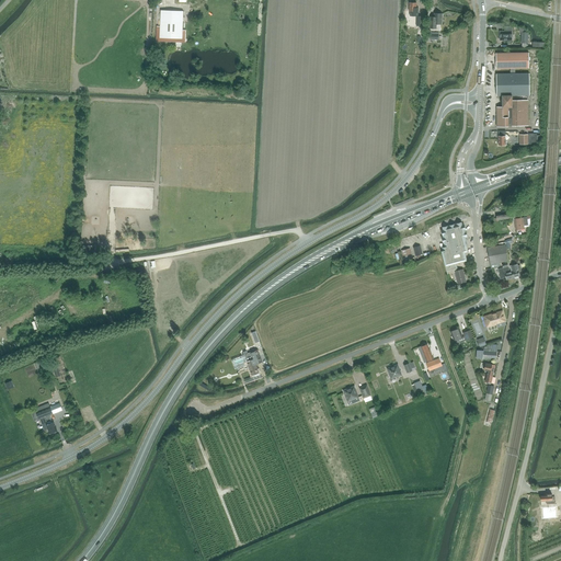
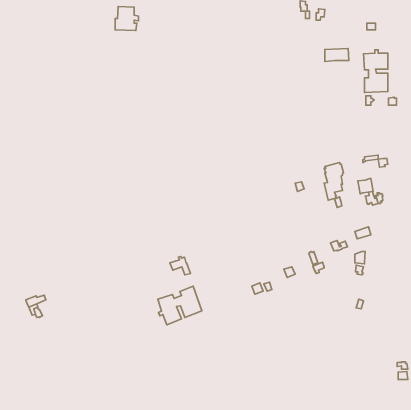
building: [496,51,529,69] -> [325,49,349,61]
building: none -> [158,286,202,325]

